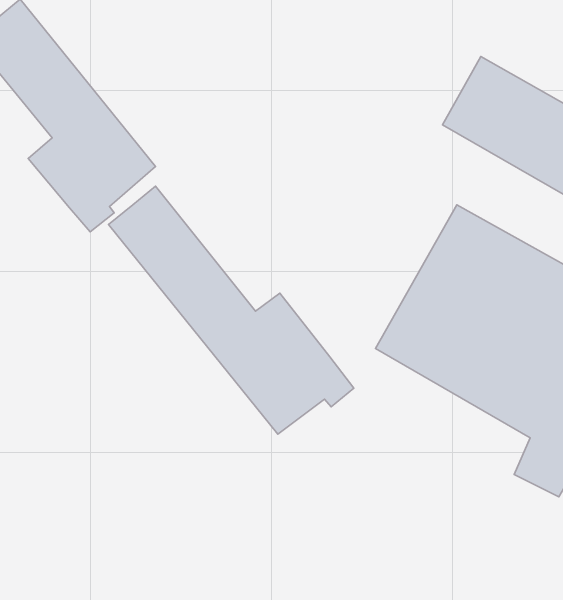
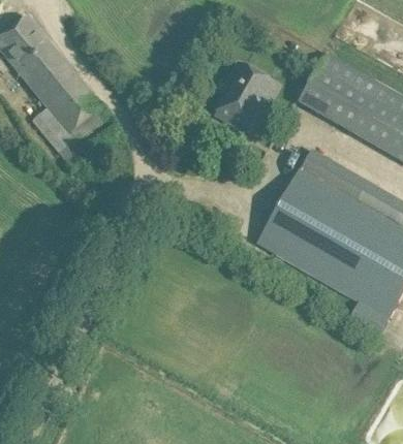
building: none -> [216,62,274,128]
building: [108,186,354,434] -> none

